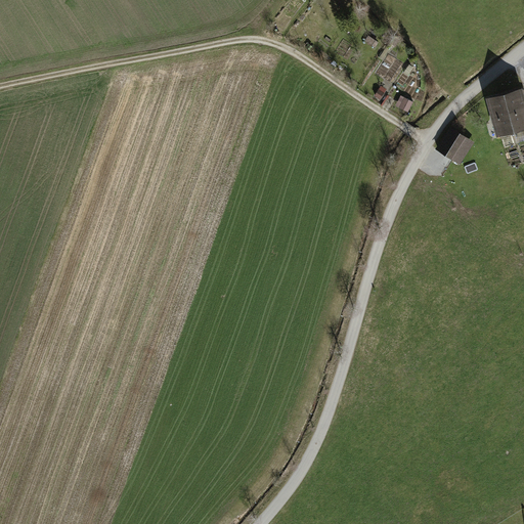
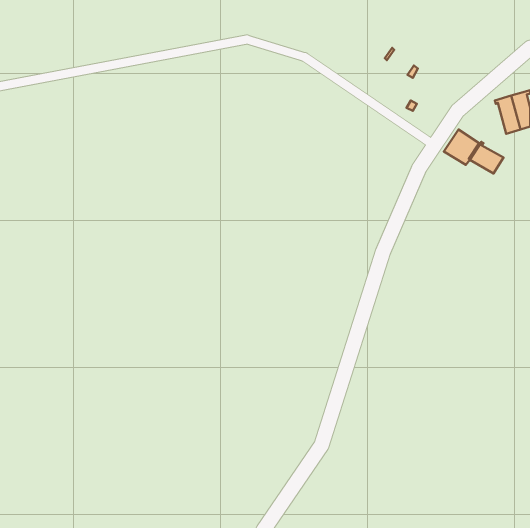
building: none -> [470,142,504,174]

